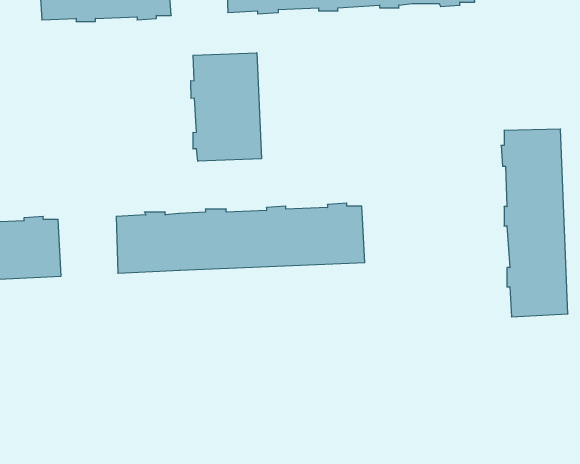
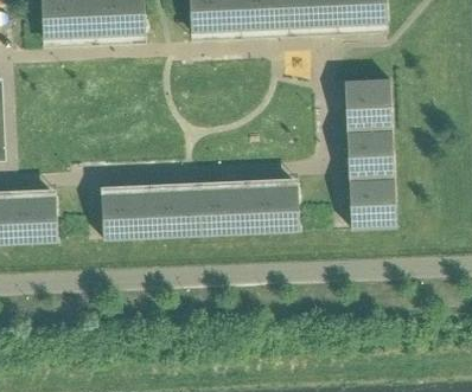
building: [191,53,261,161] -> none
building: [501,129,568,317] -> [342,79,395,229]

